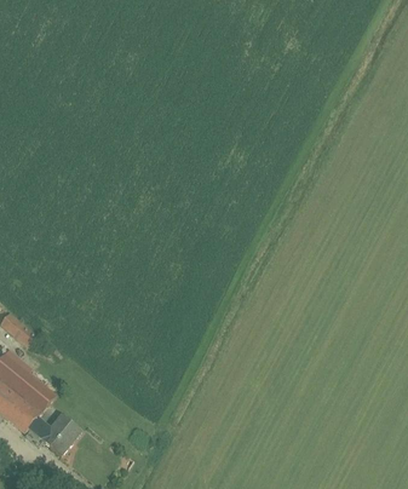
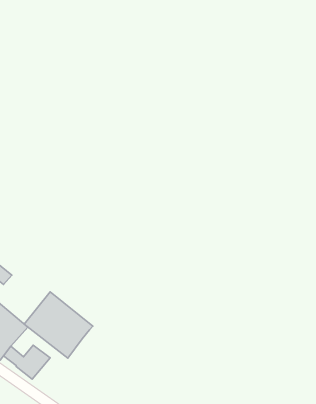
building: none -> [24,292,93,358]

